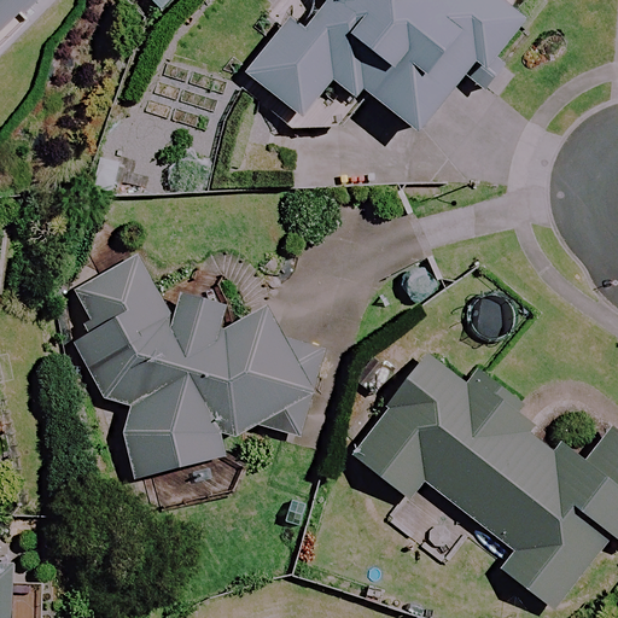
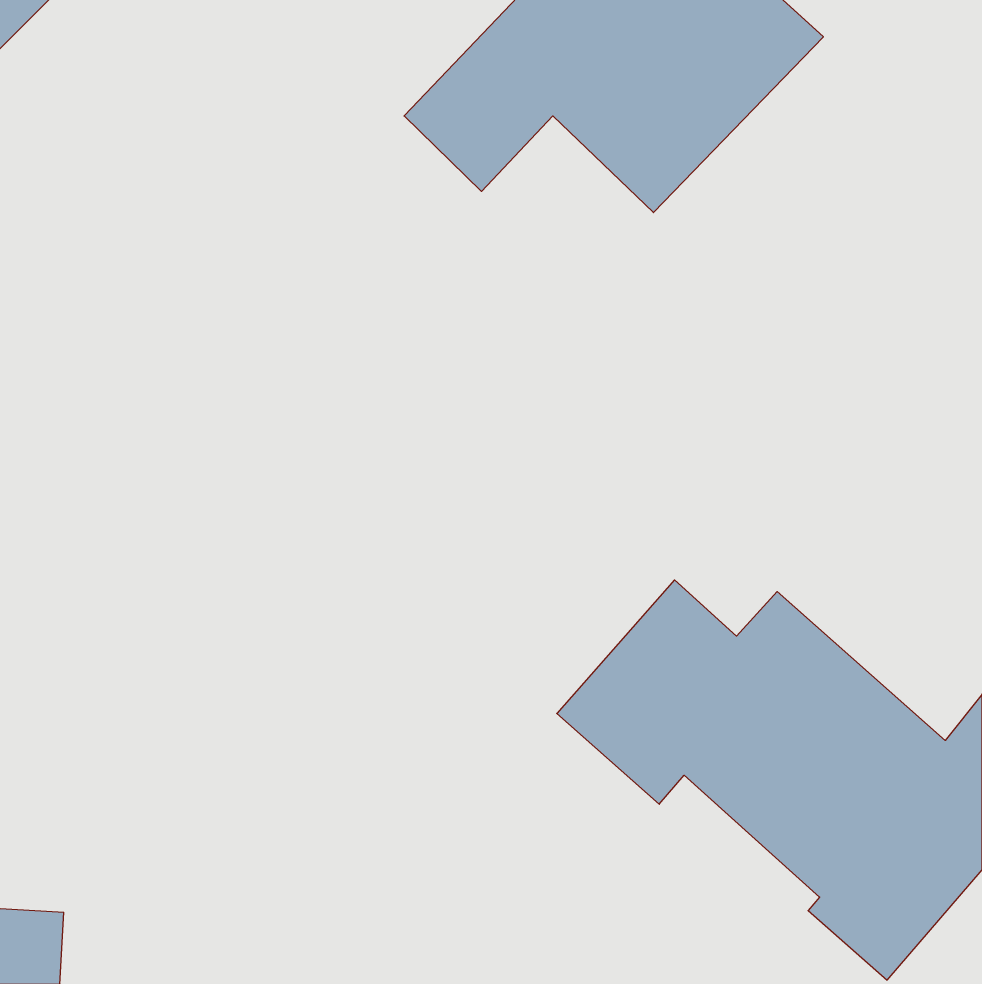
building: [71,257,305,474] -> none

